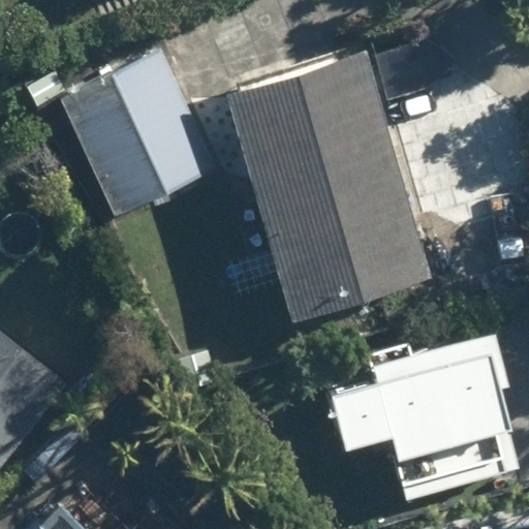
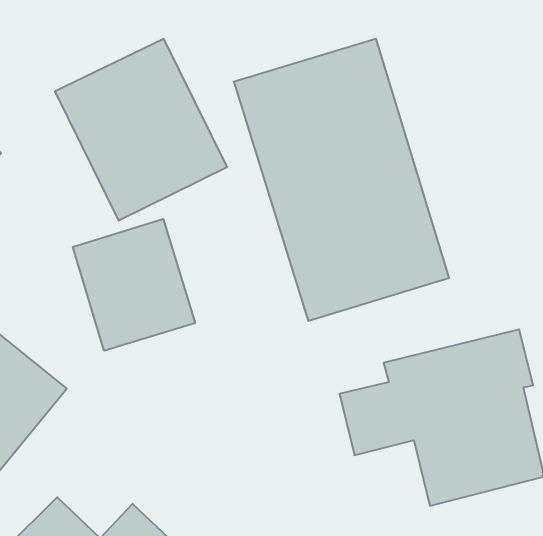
building: none -> [73,219,195,351]

